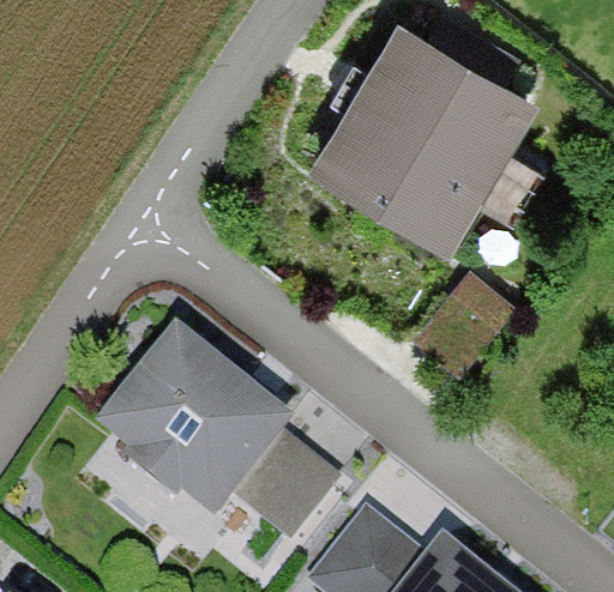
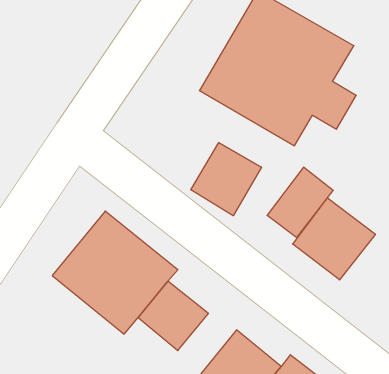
building: none -> [191,143,262,216]
building: none -> [293,198,375,280]

